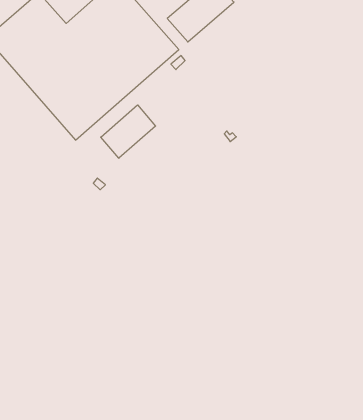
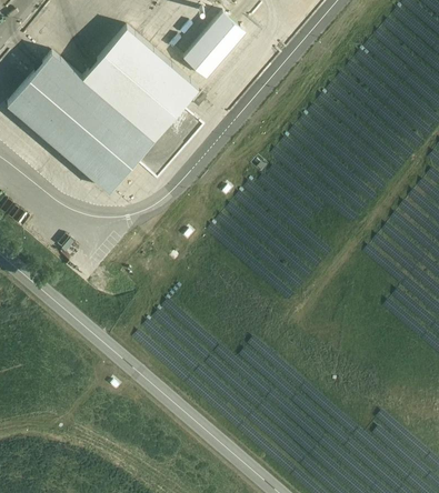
building: [101,105,156,158] -> none

